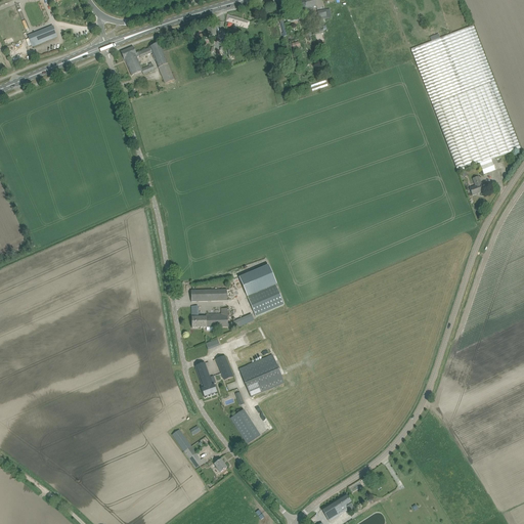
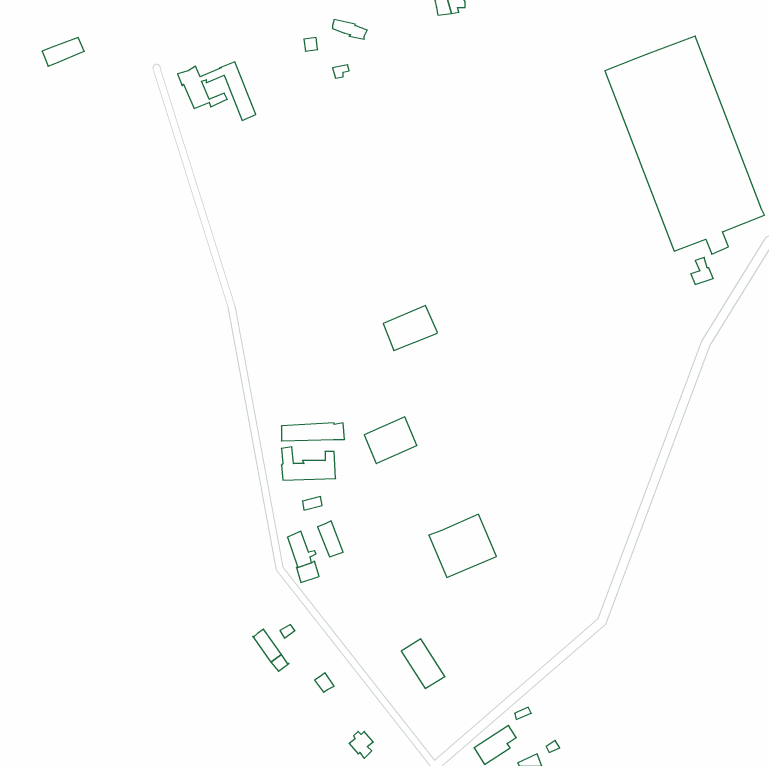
building: [239,264,276,295] -> [383,305,437,351]
building: [238,353,285,396] -> [429,514,496,577]
building: [230,408,260,442] -> [401,639,445,689]

